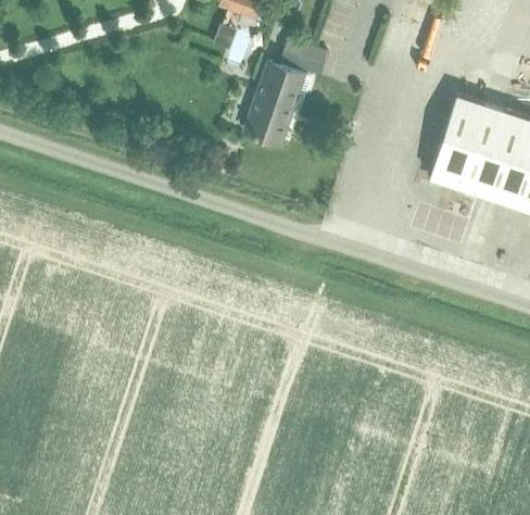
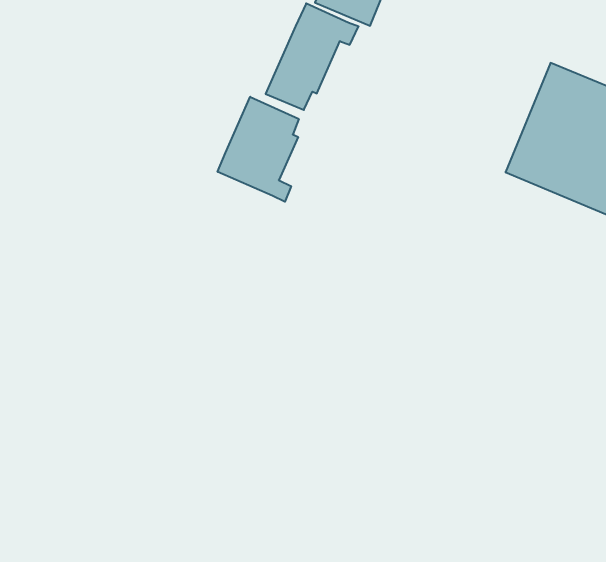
building: none -> [218,97,299,202]

